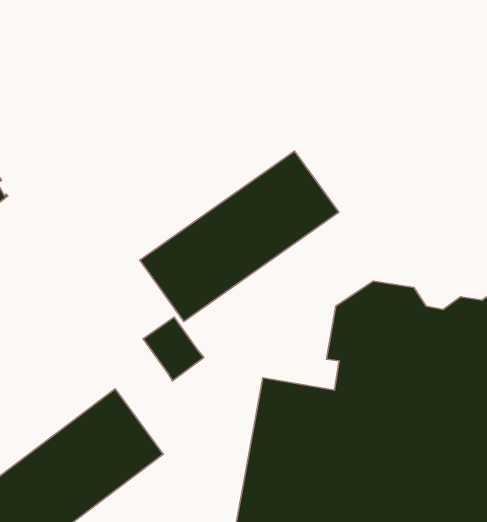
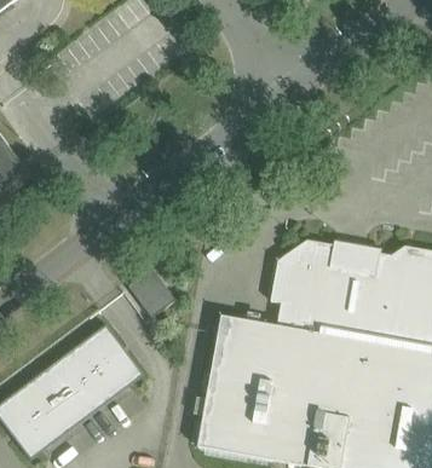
building: [140,151,339,321] -> none

